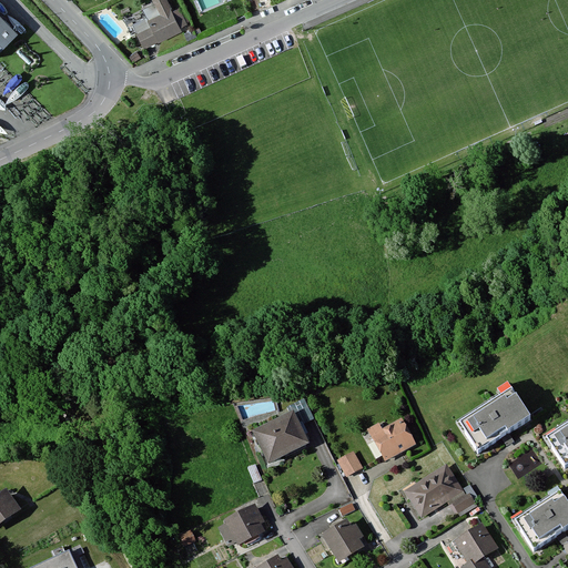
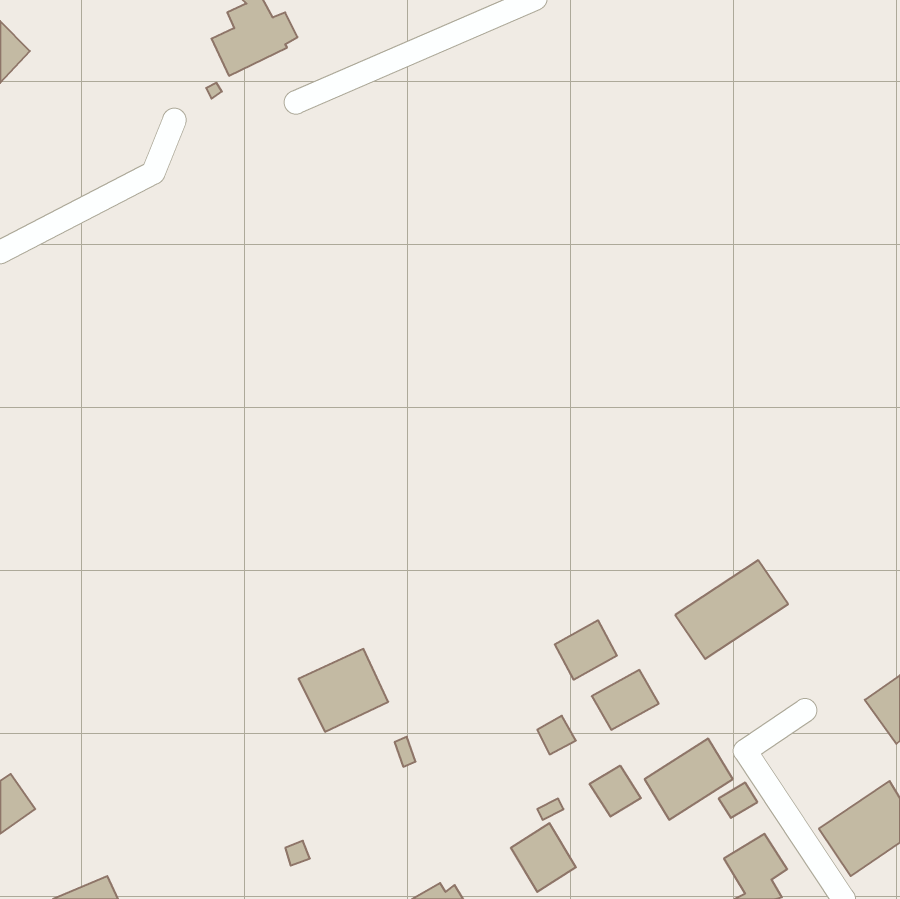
building: none -> [555,620,617,680]
building: [459,392,530,454] -> [675,560,788,659]
building: [252,409,308,462] -> [298,649,388,732]
building: none -> [590,766,641,817]
building: [220,505,263,544] -> none

